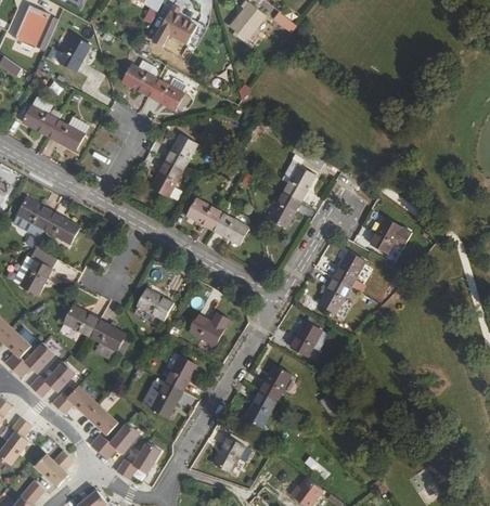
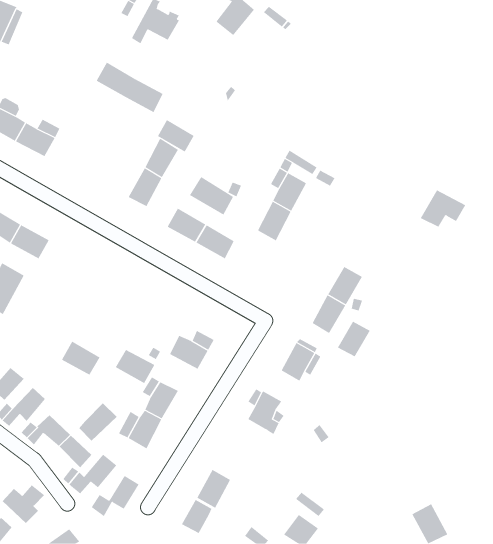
building: [57,36,89,72] -> none
building: none -> [157,119,195,153]
building: none -> [189,176,234,215]
building: [369,218,411,252] -> [420,190,466,228]
building: [136,288,172,320] -> [115,349,155,384]
building: none -> [337,321,371,357]
building: [62,304,99,336] -> none
building: none -> [78,402,117,442]
building: [244,390,276,426] -> none
building: none -> [181,499,212,534]

